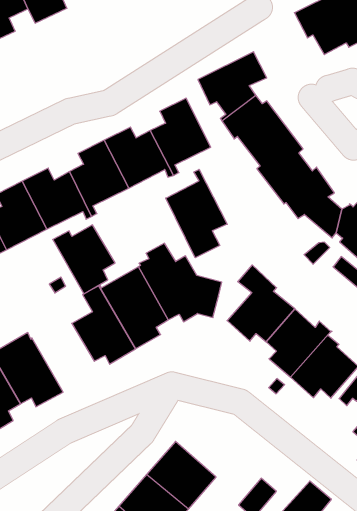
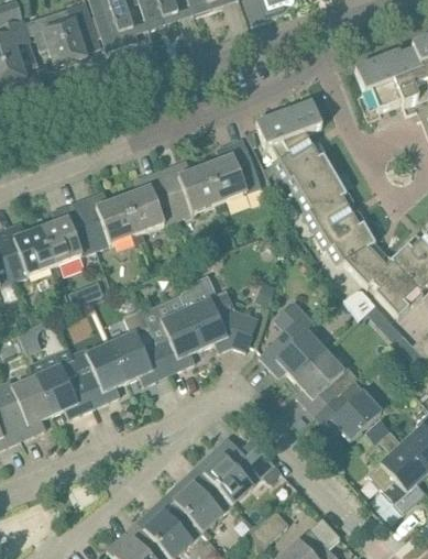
building: [166,169,227,258] -> none
building: [53,225,115,294] -> [72,341,129,406]
building: none -> [198,437,282,503]

